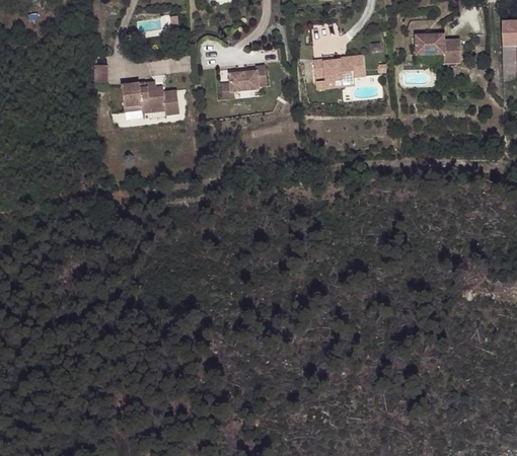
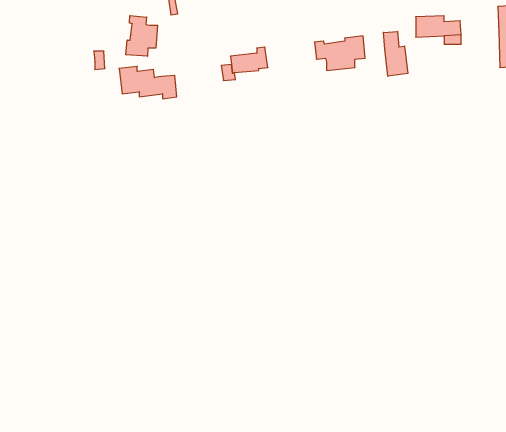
building: none -> [126,16,158,56]
building: none -> [383,31,408,76]

